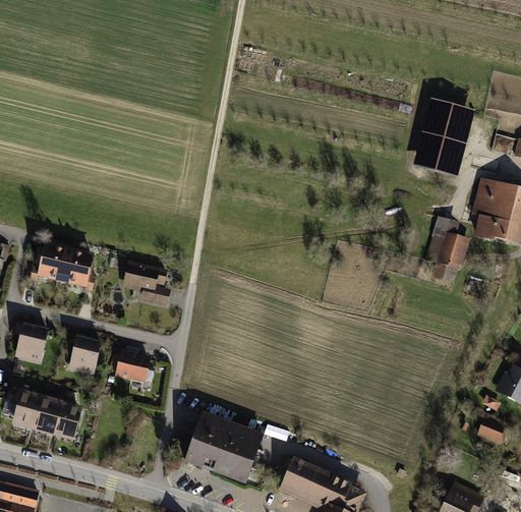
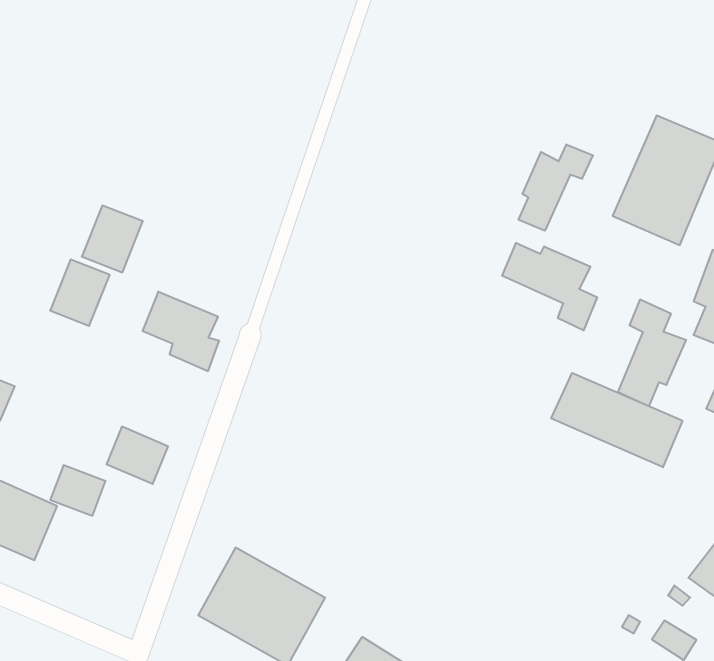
building: none -> [518,144,593,231]
building: none -> [502,243,597,330]
building: [35,240,70,281] -> [82,206,143,272]
building: none -> [551,373,682,467]
building: [67,340,101,369] -> [50,465,106,516]

